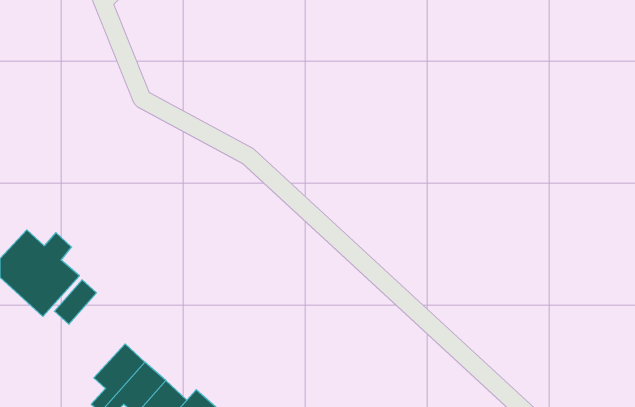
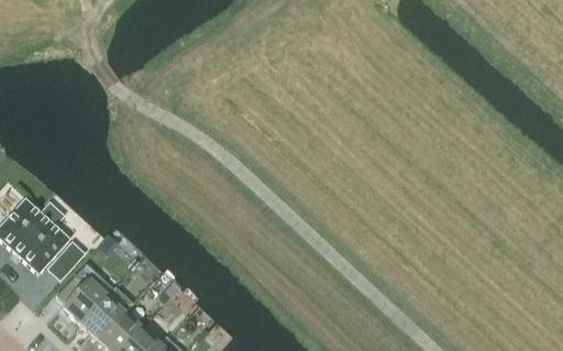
building: none -> [57,274,108,325]

